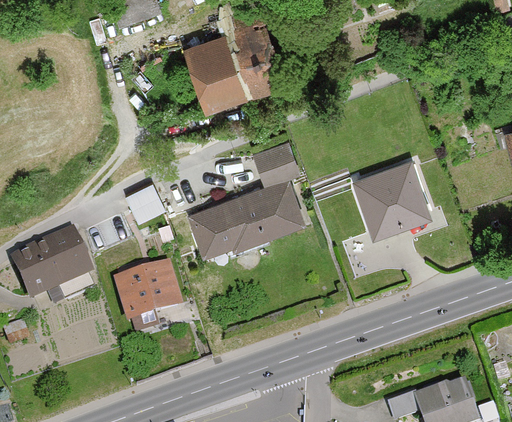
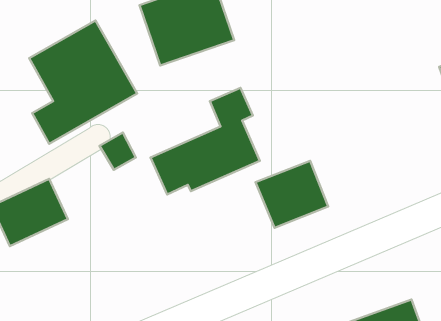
building: none -> [29,21,137,144]
building: [355,161,433,232] -> [255,161,328,228]
building: [115,263,180,323] -> none

